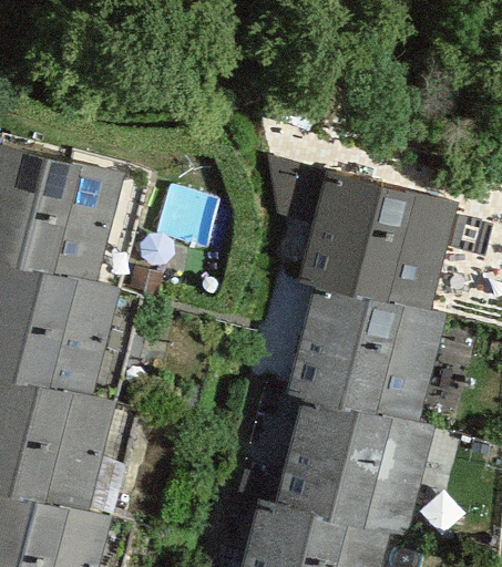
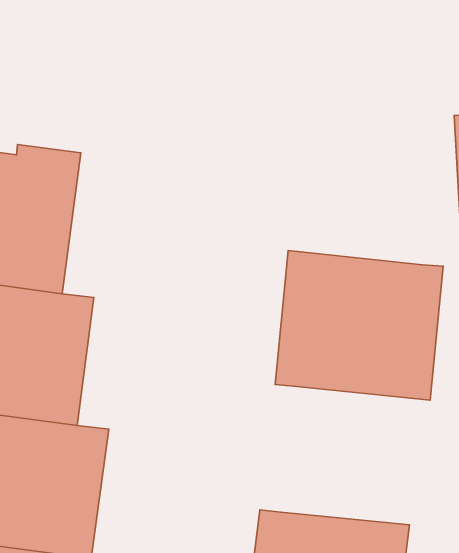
building: [297,175,449,311] -> none
building: [274,400,428,537] -> none

